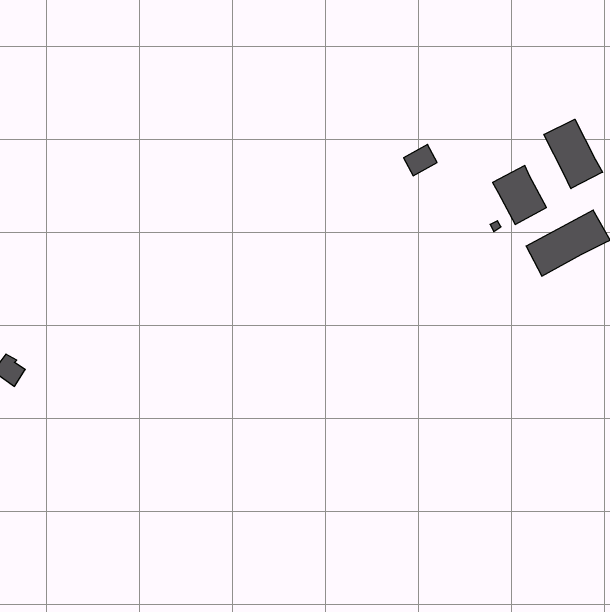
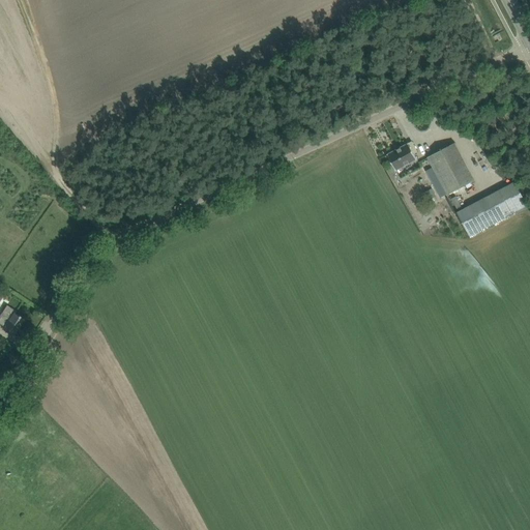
building: [544,119,603,189] -> none
building: [404,144,437,176] -> [385,144,414,171]

